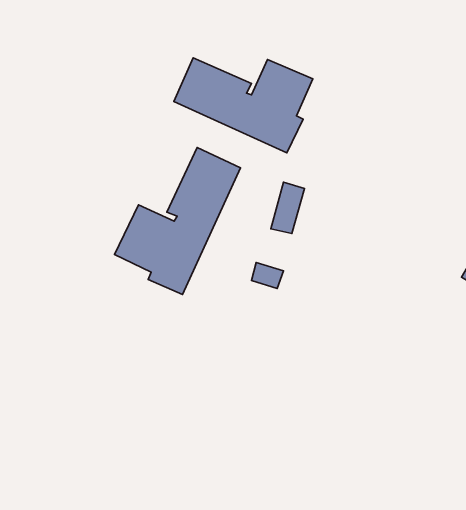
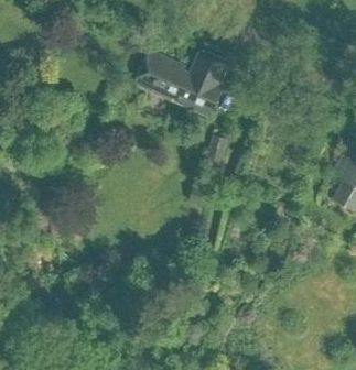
building: [115,148,241,295] -> none

